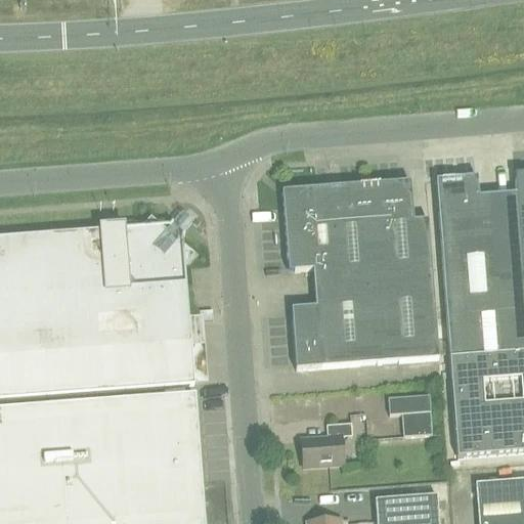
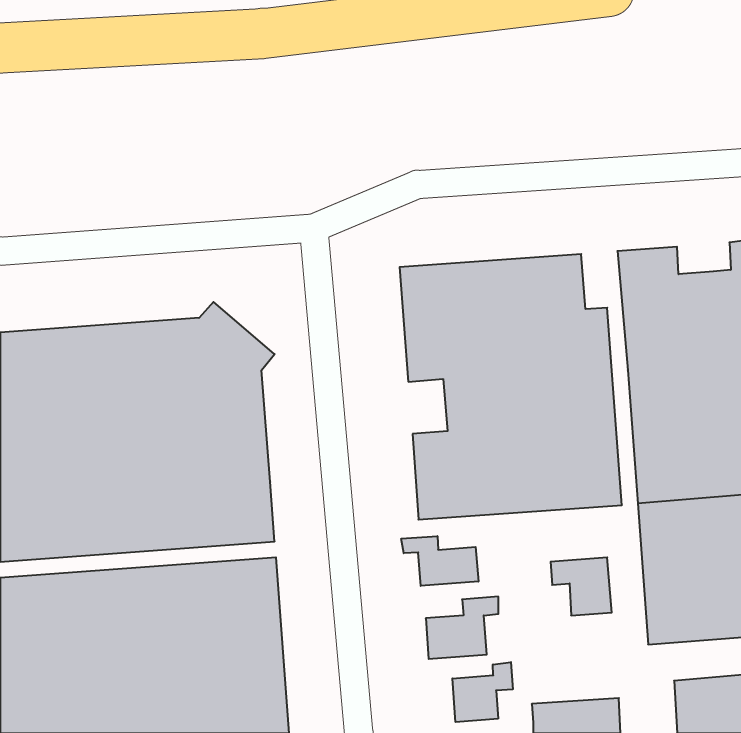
building: none -> [401,536,478,586]
building: none -> [452,662,513,722]

